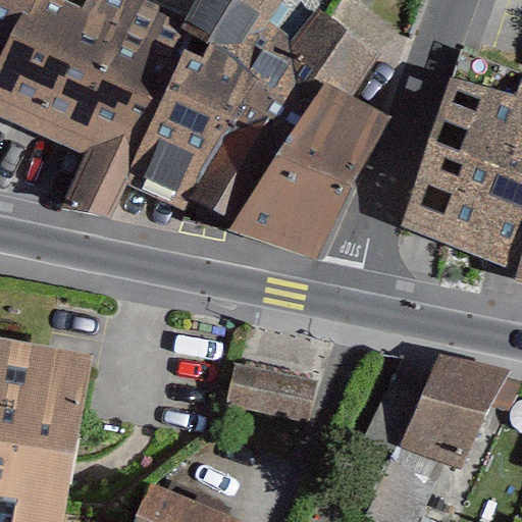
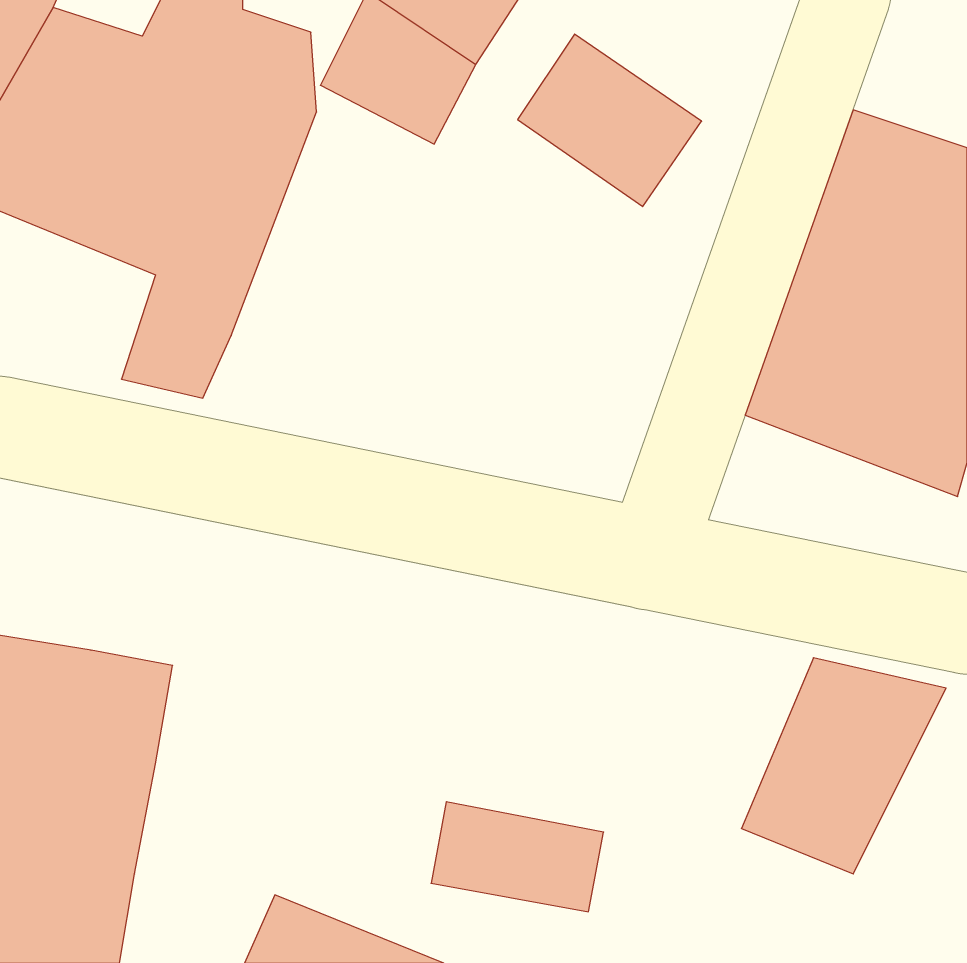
building: [124,61,271,209] -> none
building: [228,107,382,256] -> none
building: [224,361,317,420] -> [431,802,604,912]

